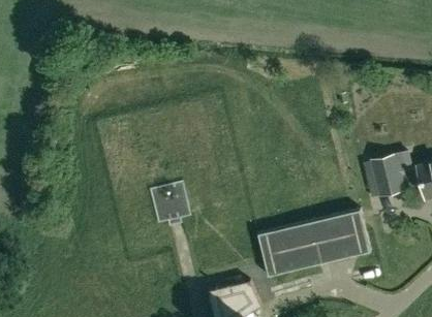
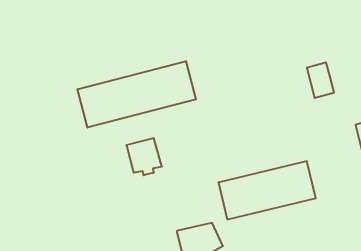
building: none -> [78,61,196,128]
building: [371,155,403,196] -> [307,63,334,98]

